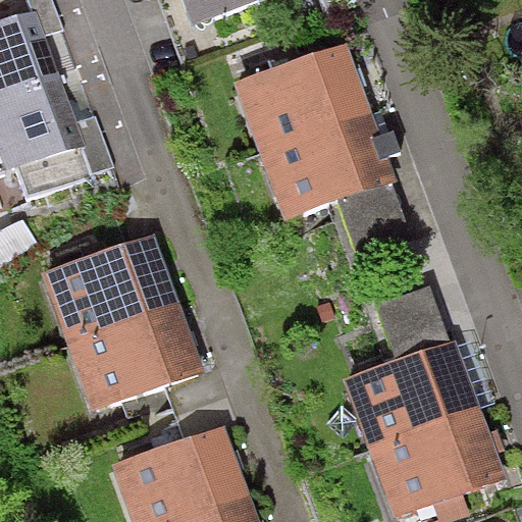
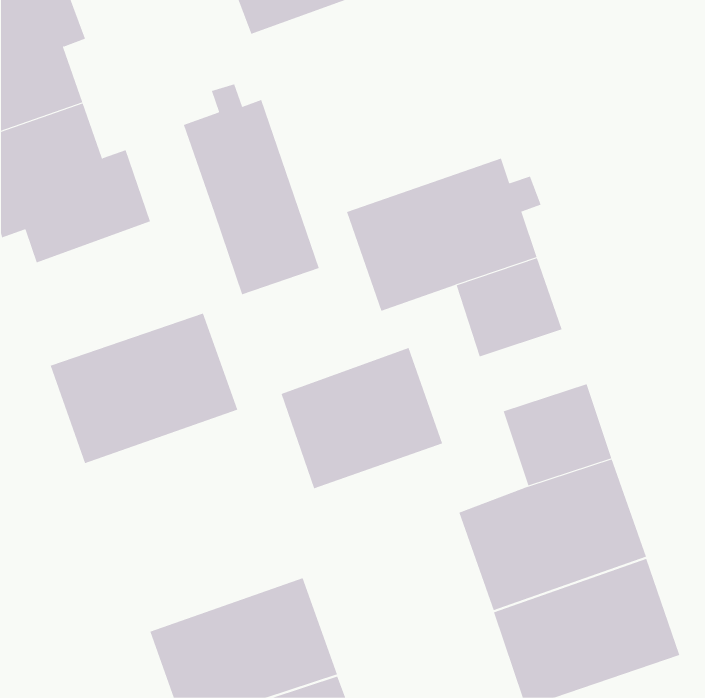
building: [233,44,371,155] -> none
building: none -> [183,84,320,295]
building: none -> [281,347,443,489]
building: [64,303,203,414] -> none

